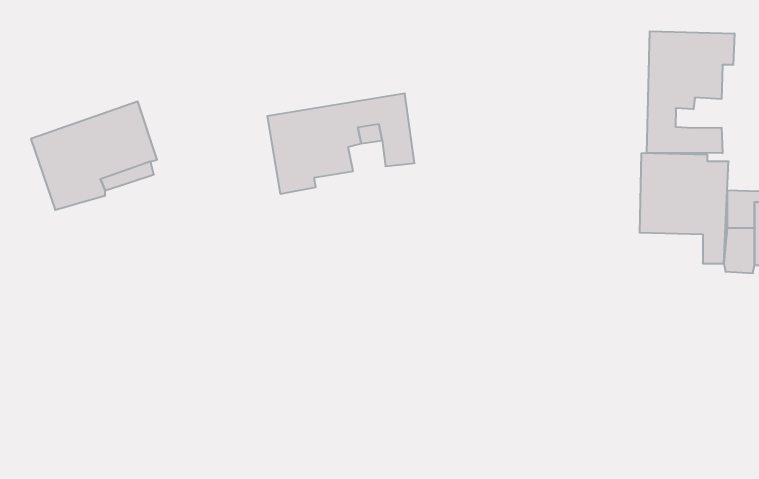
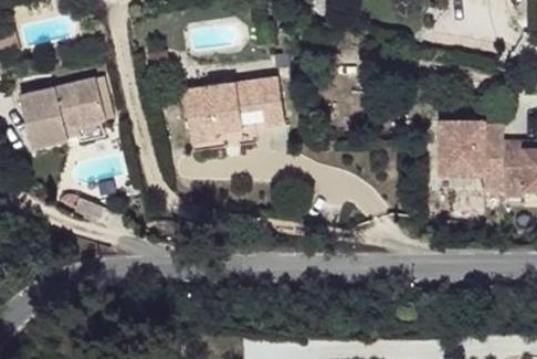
building: [647,31,734,153] -> none

